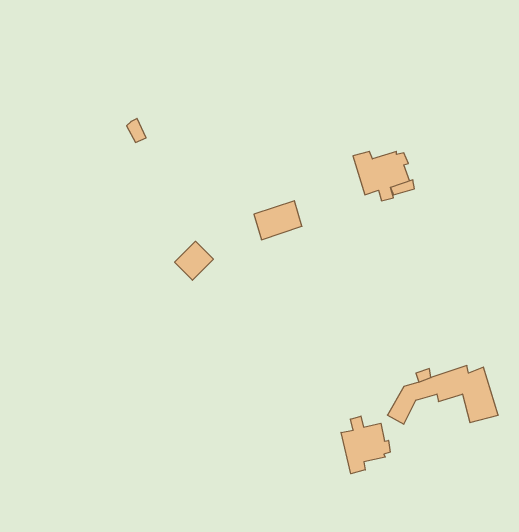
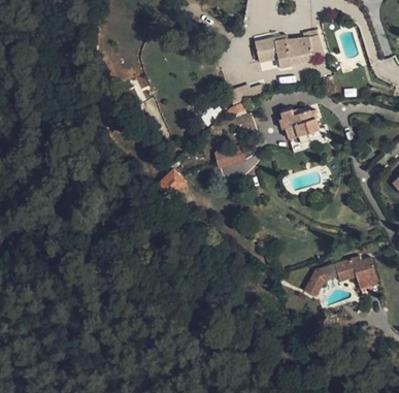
building: none -> [254,31,323,66]
building: [341,416,390,474] -> none

